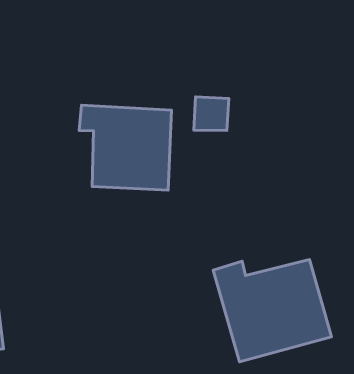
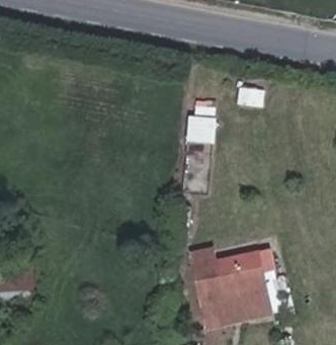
building: [79,105,171,190] -> none

